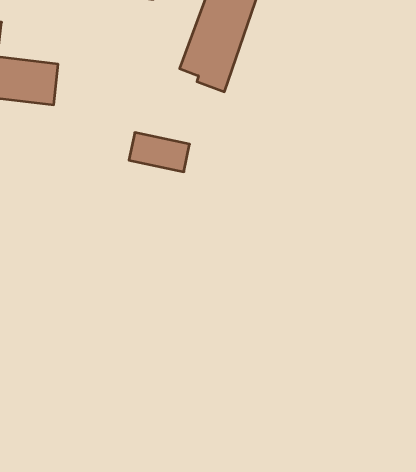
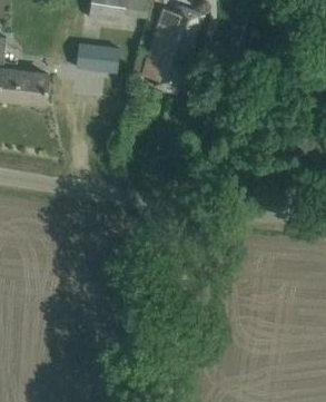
building: [129,133,190,172] -> [76,45,122,75]

